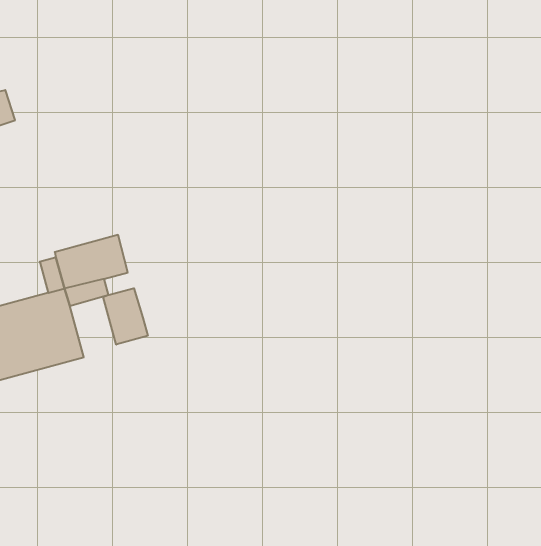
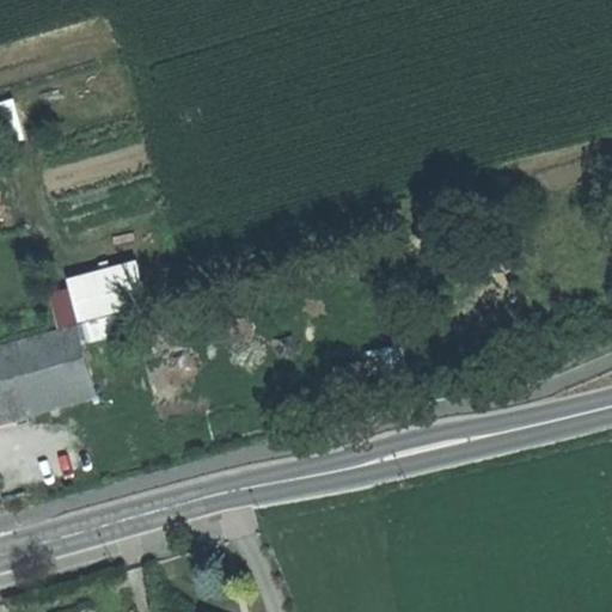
building: [103,288,148,345] -> none

